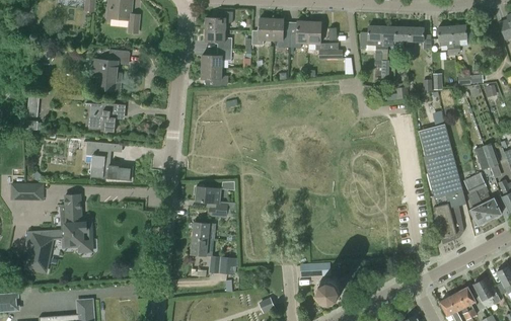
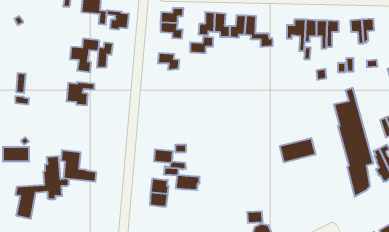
building: none -> [107,10,129,30]
building: [203,48,231,68] -> [190,37,213,53]
building: none -> [97,42,113,68]
building: [87,141,131,179] -> [61,150,96,181]
building: none -> [280,138,315,162]
building: [209,255,238,273] -> [176,175,200,190]

